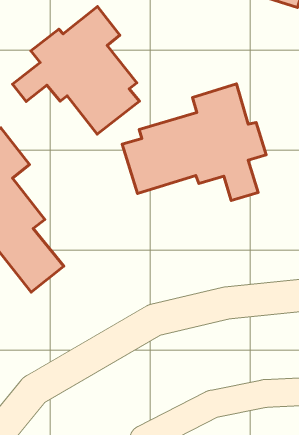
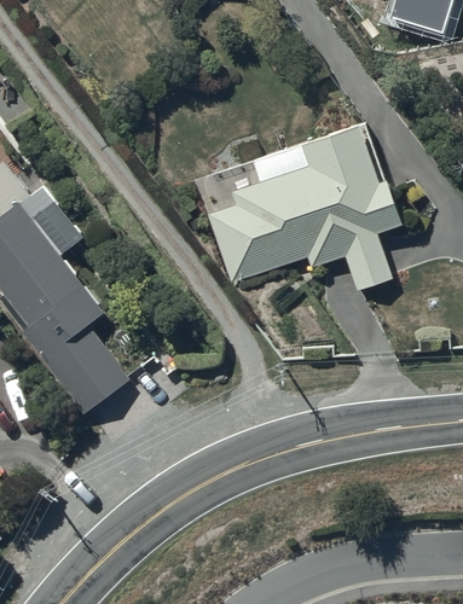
building: [12,7,140,134] -> none

